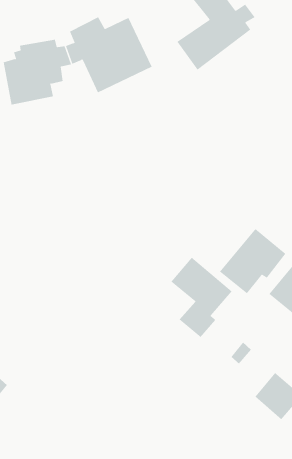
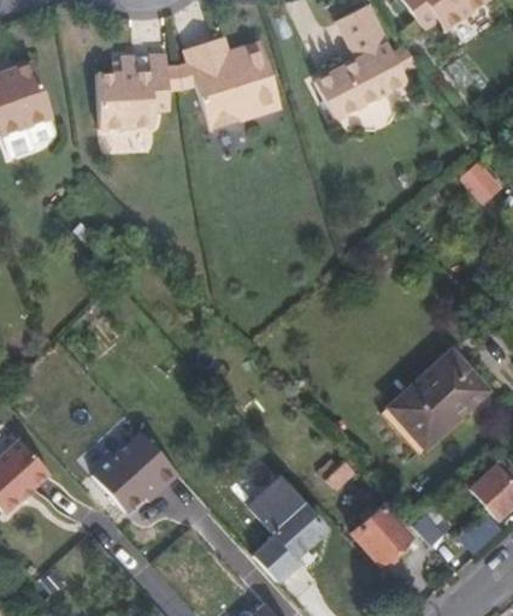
building: [219,228,286,294] -> none
building: [170,257,233,338] -> [249,479,324,580]
building: none -> [93,432,173,513]

